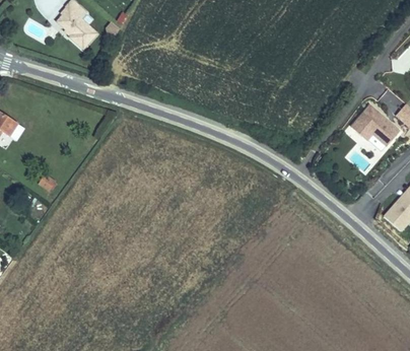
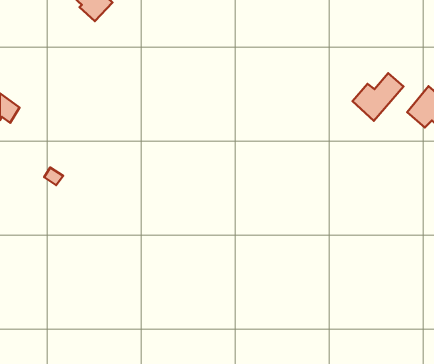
building: none -> [353,73,404,121]

